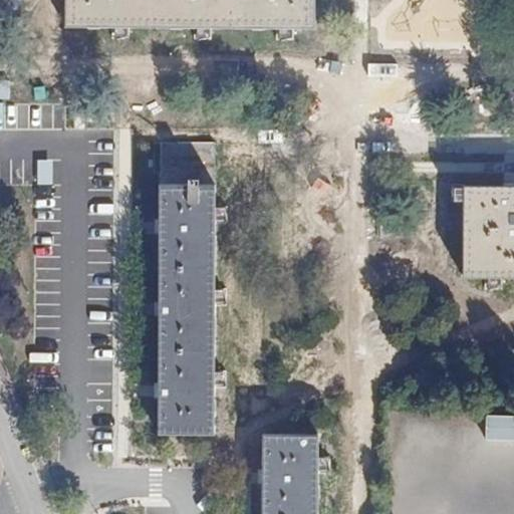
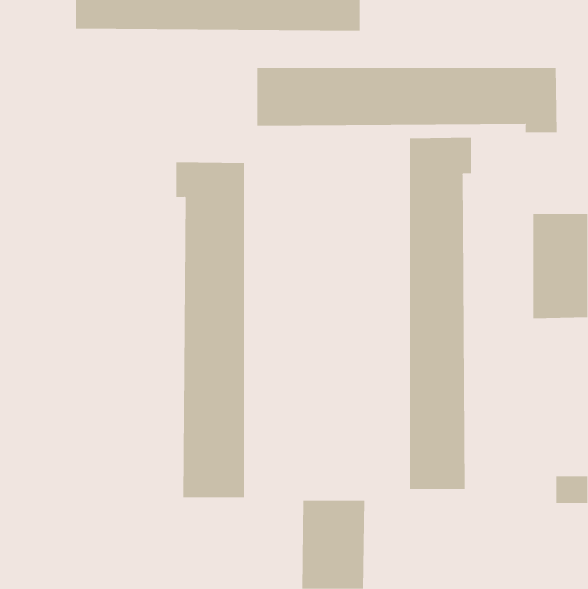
building: none -> [257,67,557,133]
building: none -> [410,137,471,490]

